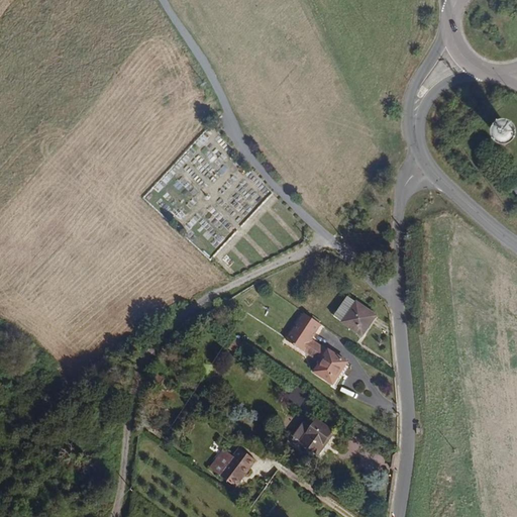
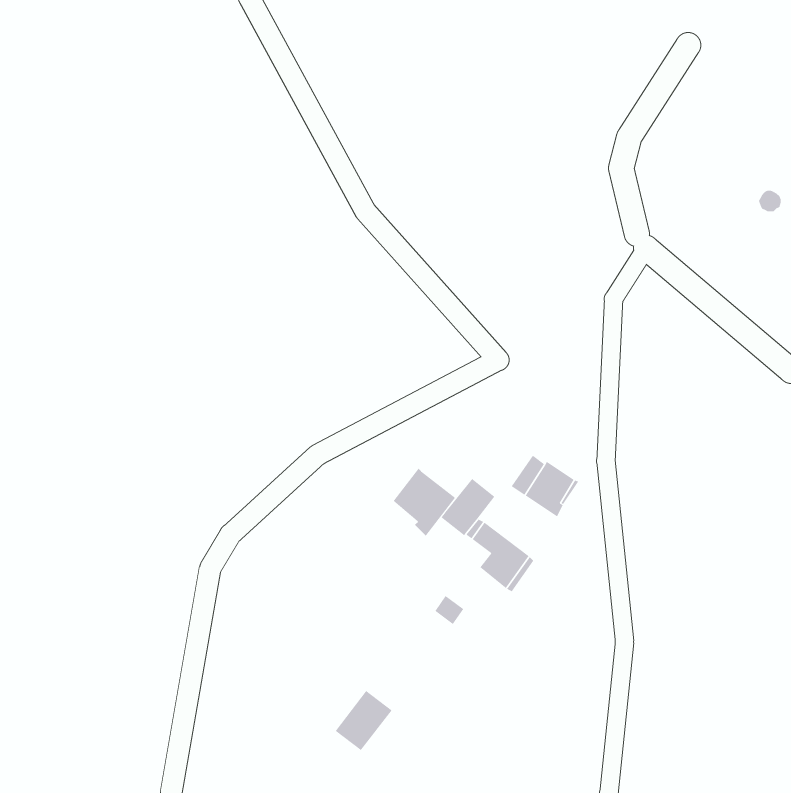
building: none -> [393,468,456,537]
building: [293,418,325,454] -> none

